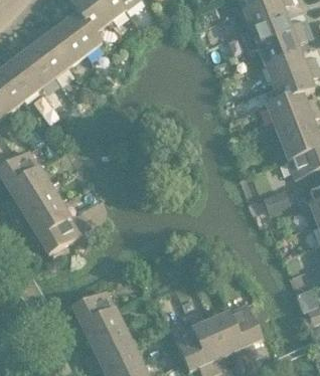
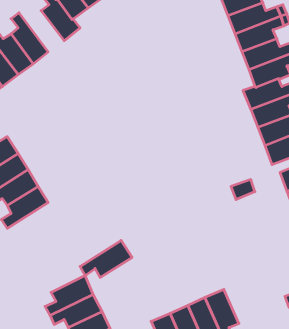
building: [40,19,86,64] -> none
building: [28,216,81,253] -> [80,240,132,277]

